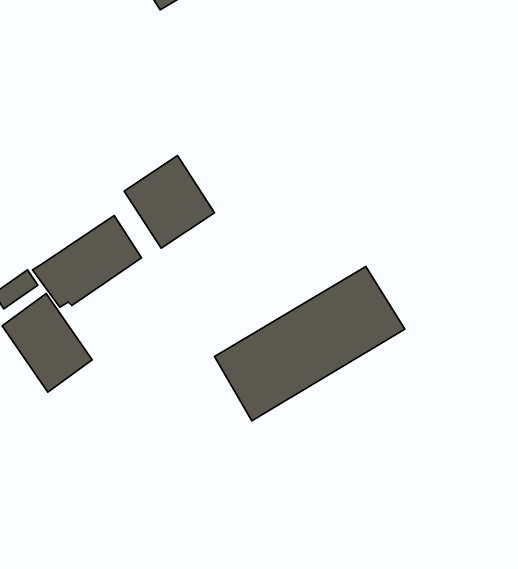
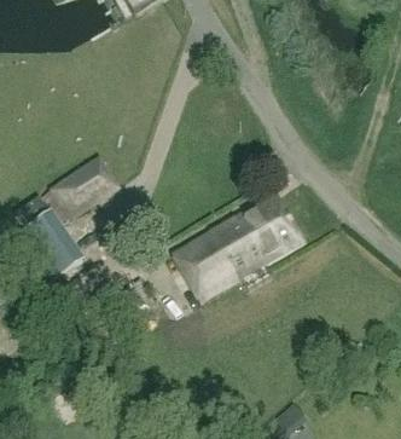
building: [124,156,214,248] -> none

